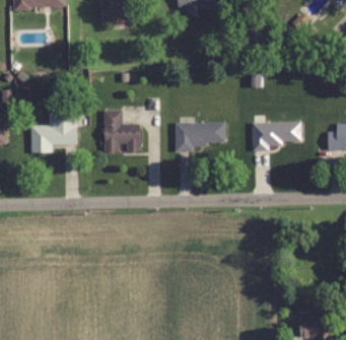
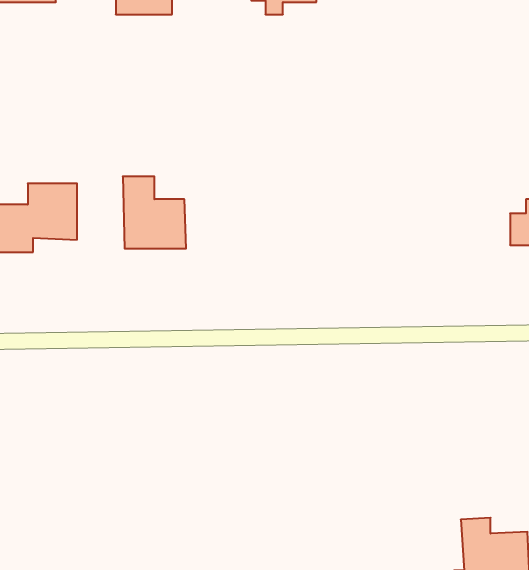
building: [175,122,225,148] -> none
building: [252,123,301,147] -> none

